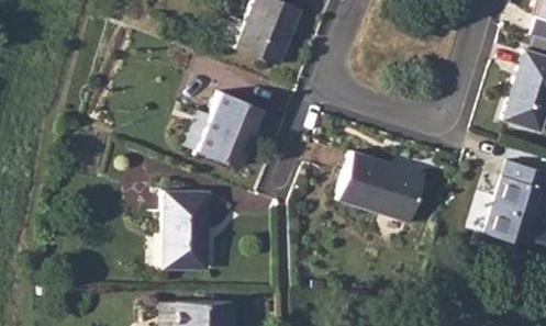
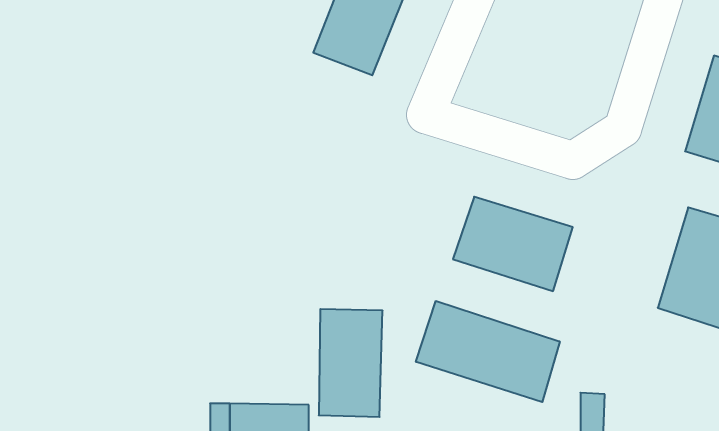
building: [199,93,263,168] -> none
building: [163,191,209,269] -> [319,309,383,417]
building: none -> [416,301,560,402]

